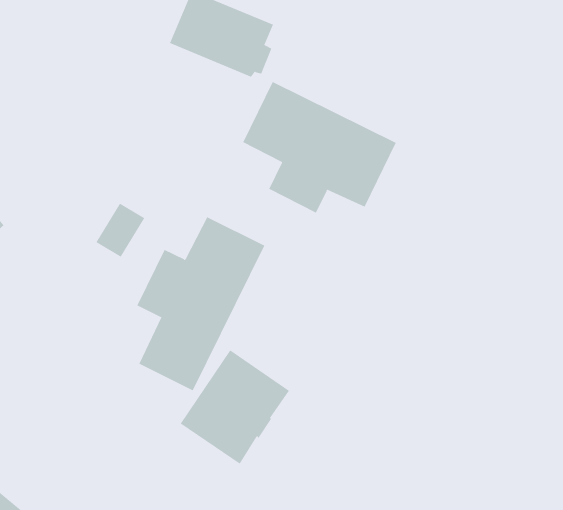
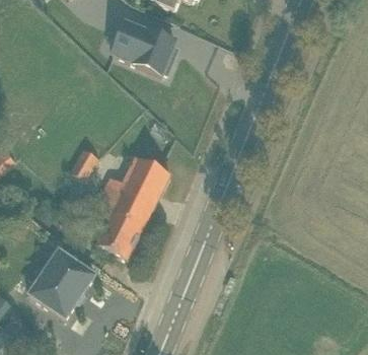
building: [243,81,397,213] -> none
building: [180,350,290,465] -> [29,250,94,317]

